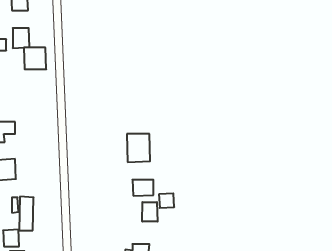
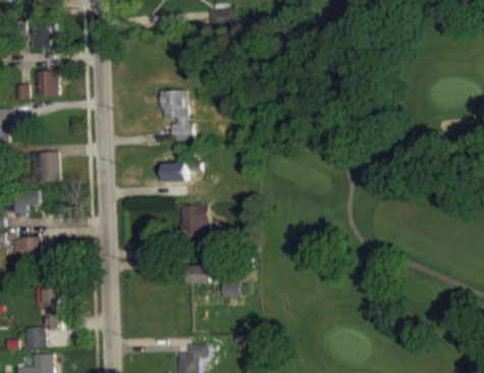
building: none -> [160,90,193,138]
building: [24,48,46,69] -> [30,152,58,179]
building: none -> [162,162,186,181]
building: [142,202,158,222] -> none

